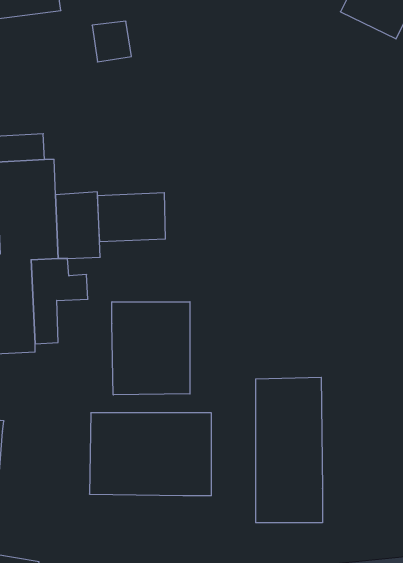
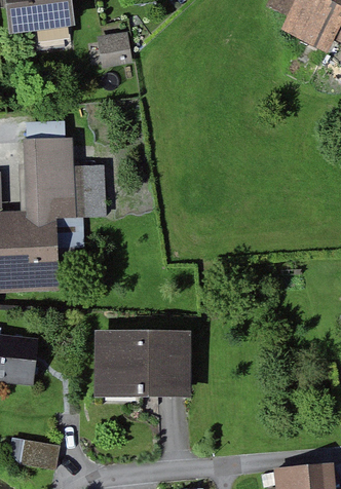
building: [98,193,165,242] -> none
building: [112,302,190,395] -> none
building: [256,377,322,523] -> none

